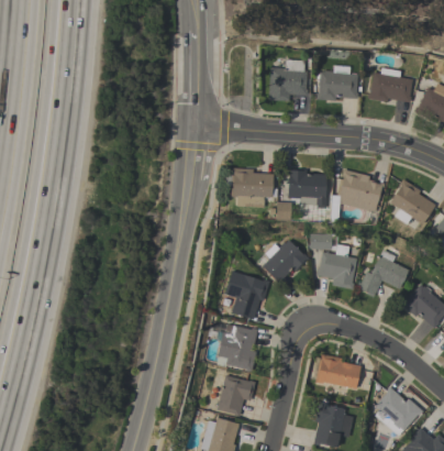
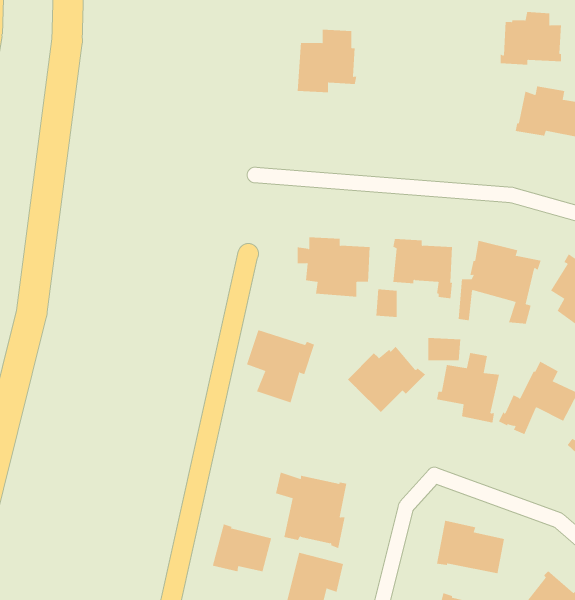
building: [268,58,308,100] -> [297,29,357,93]
building: [317,65,357,100] -> [500,12,562,65]
building: [224,271,269,319] -> [246,329,315,403]
building: none -> [212,523,272,572]

